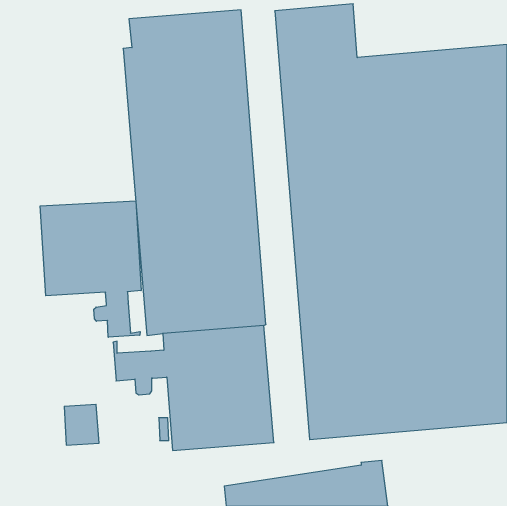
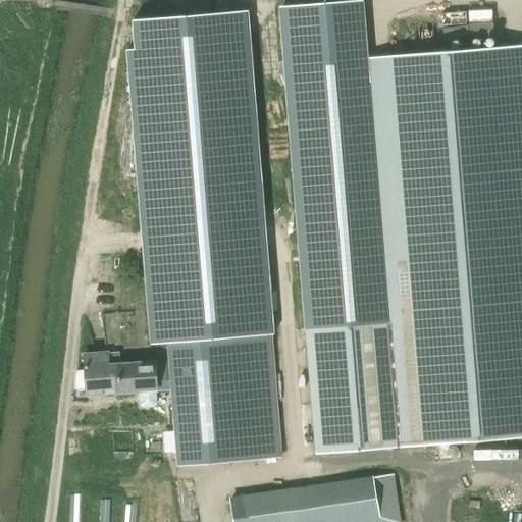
building: [40,201,141,337] -> none
building: [64,404,99,445] -> [84,352,119,394]

